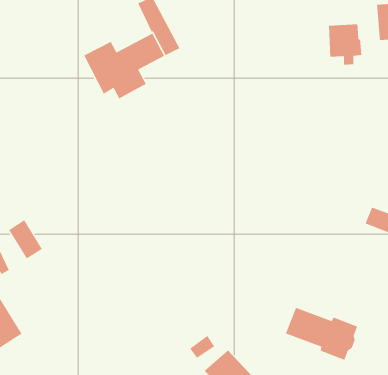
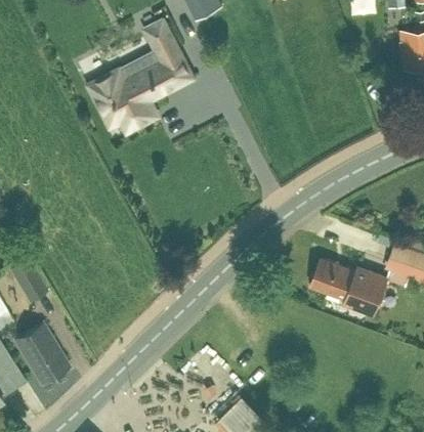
building: [328,23,362,65] -> none
building: none -> [14,322,69,383]
building: [285,307,358,361] -> [309,257,387,314]

